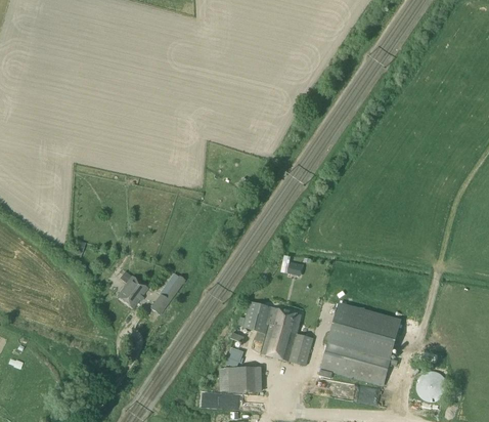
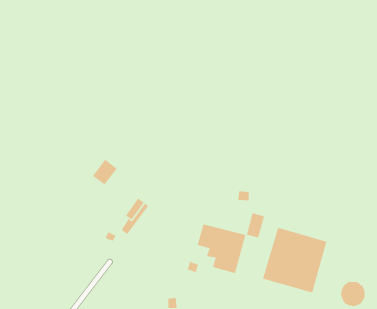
building: [117,276,147,307] -> [92,159,117,185]
building: [290,334,312,365] -> [246,213,265,238]
building: [226,365,257,393] -> none

